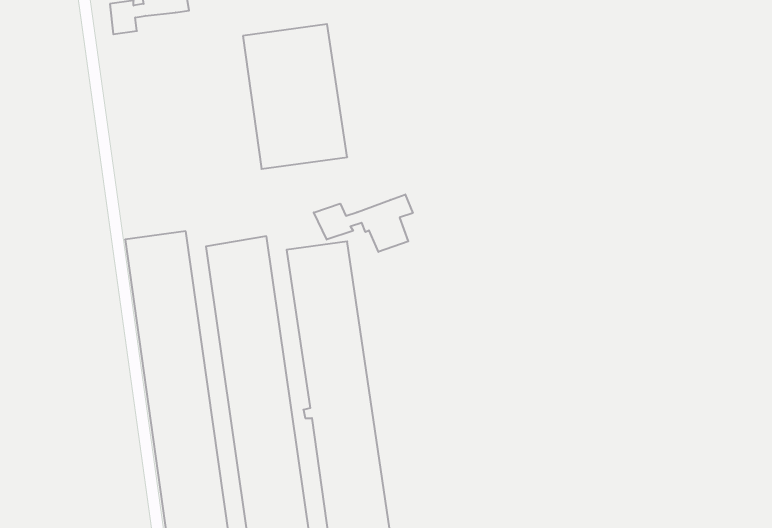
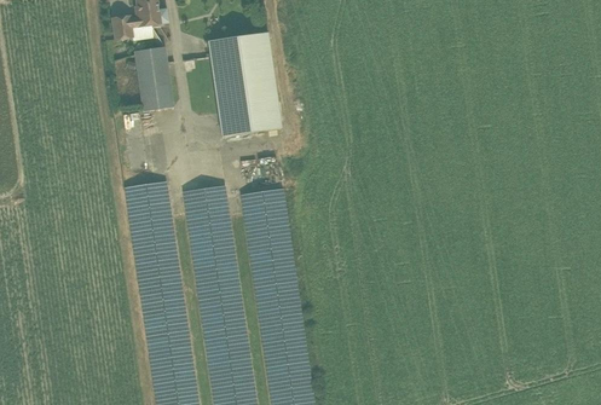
building: none -> [133,45,174,110]
building: [314,194,413,252] -> none

